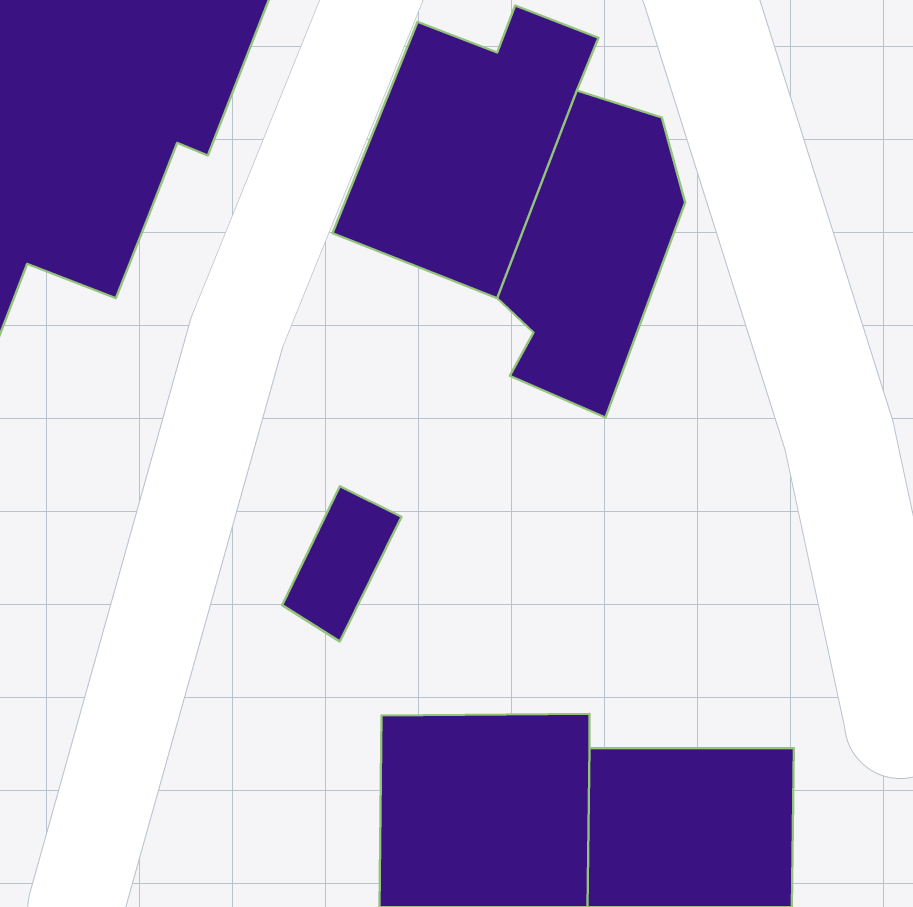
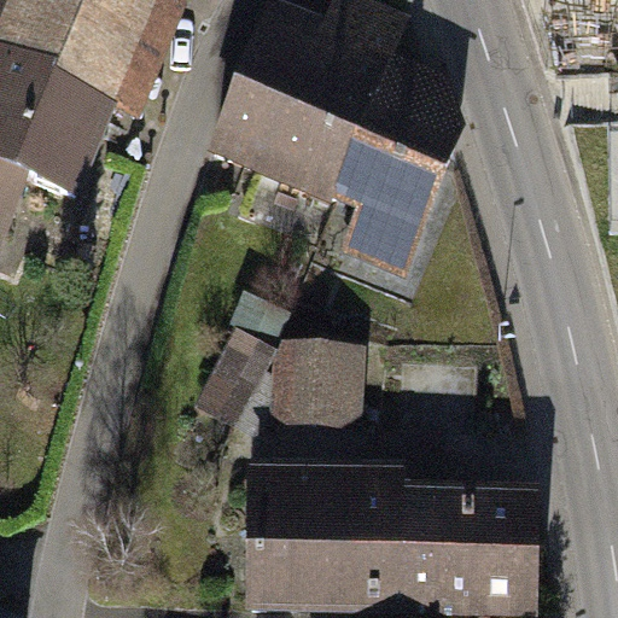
building: none -> [269,342,360,430]

